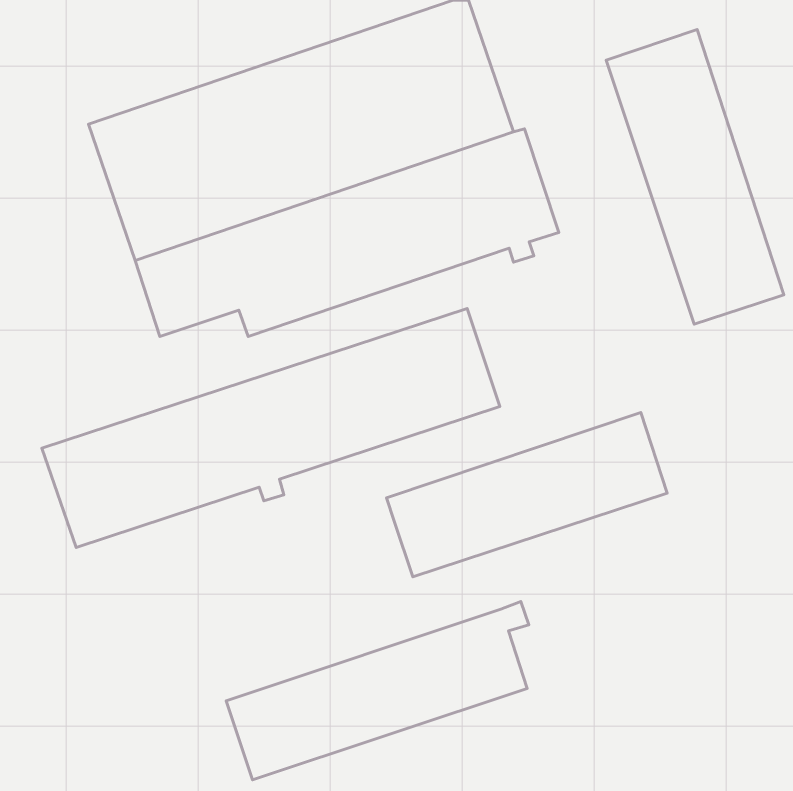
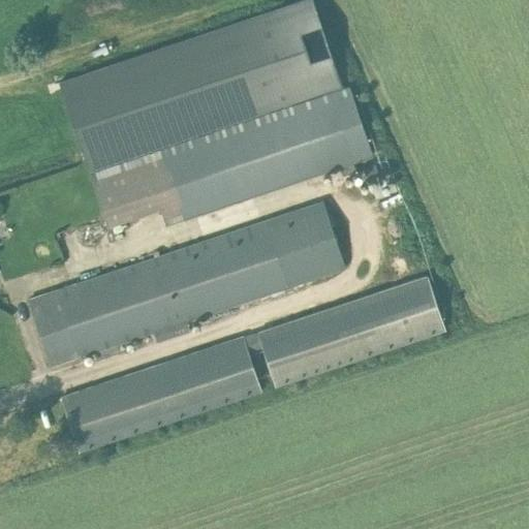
building: [606,30,784,324] -> none
building: [226,602,529,780] -> [61,333,262,452]

